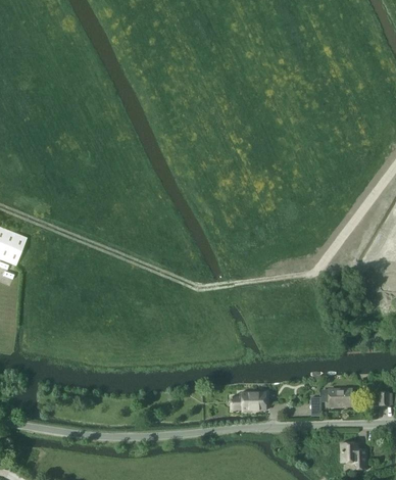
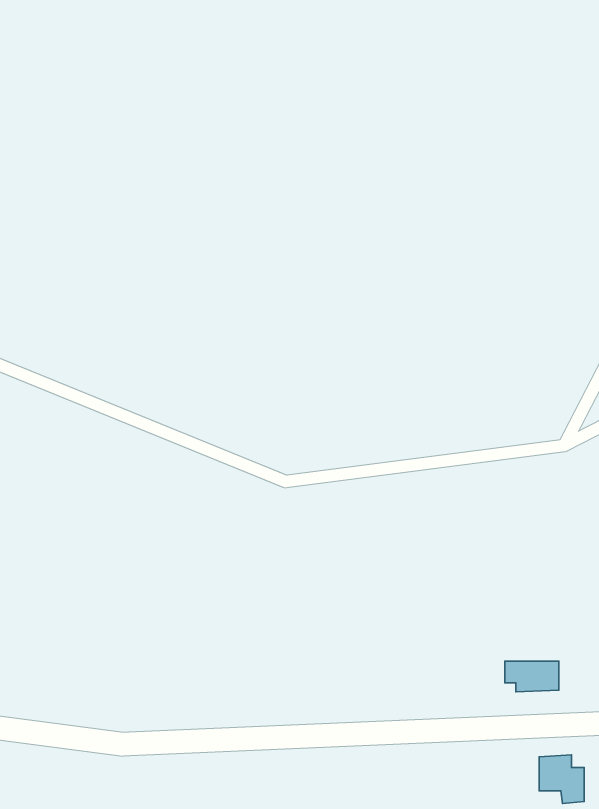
building: [231,393,267,411] -> none

